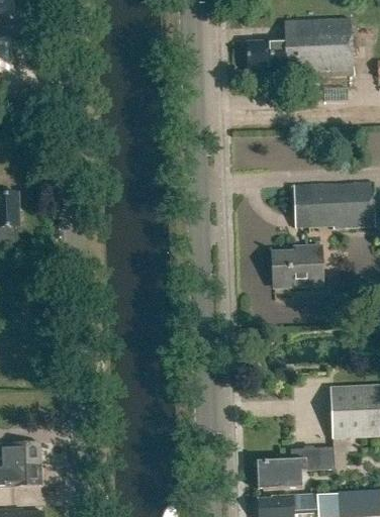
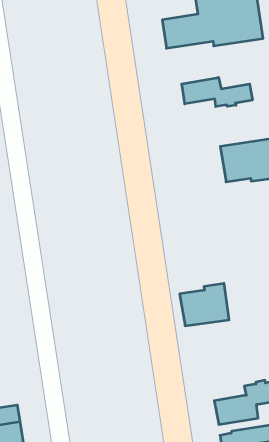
building: none -> [182,77,252,107]
building: [272,245,322,287] -> [180,283,229,326]

